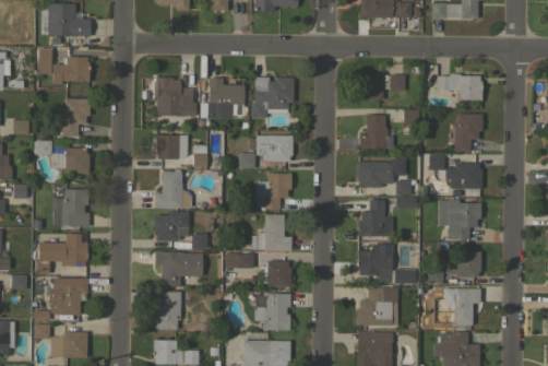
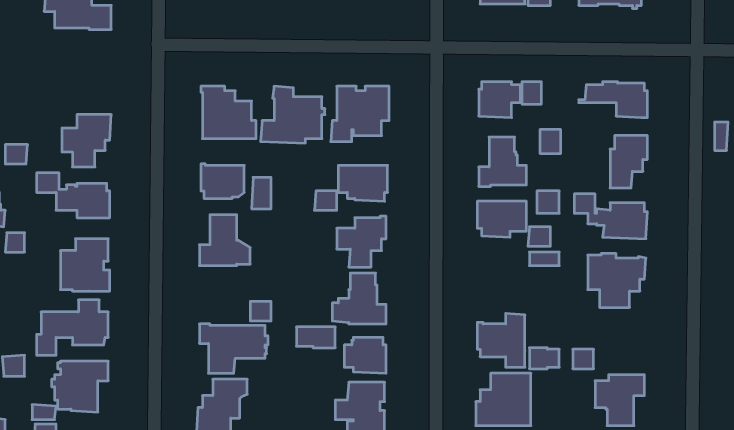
building: [38,49,90,84] -> none
building: [359,200,393,237] -> none
building: [155,212,190,241] -> none
building: [446,251,481,278] -> none

